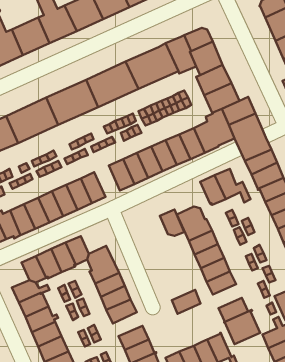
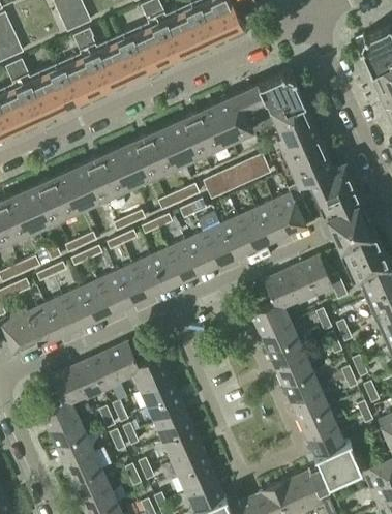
building: none -> [145,251,178,292]
building: [160,209,185,236] -> [263,272,295,306]
building: [172,290,201,314] -> [298,404,335,435]
building: none -> [169,441,207,472]

